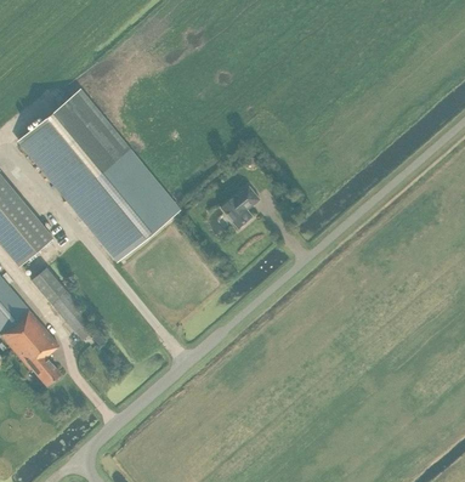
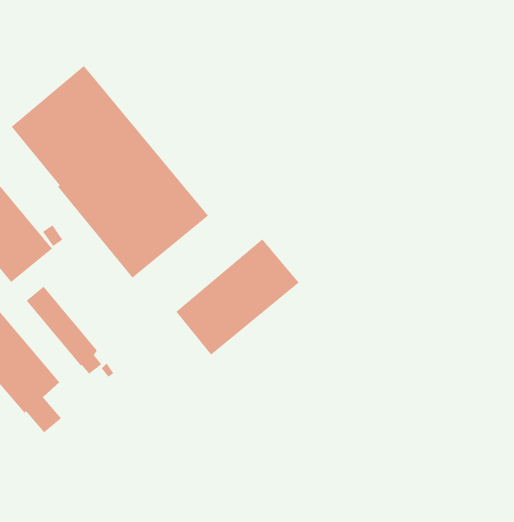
building: [222,185,261,227] -> none
building: none -> [176,238,299,356]

